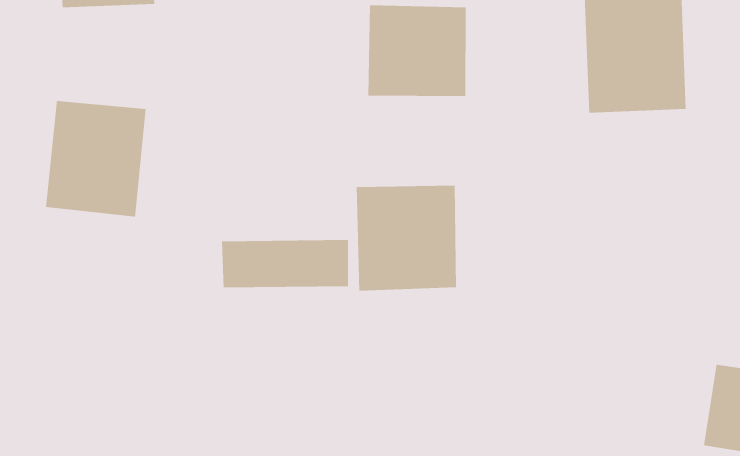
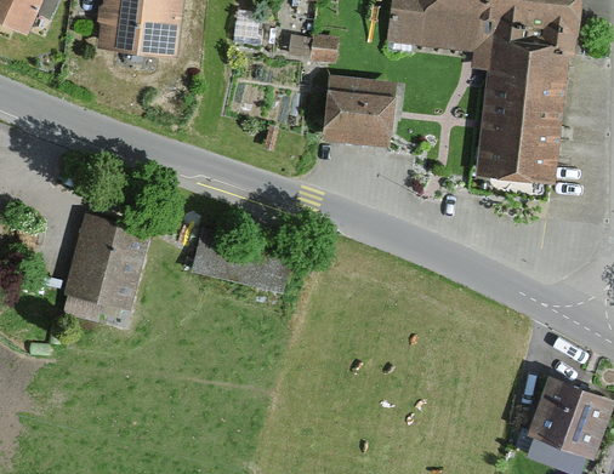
building: [45,100,146,217] -> [64,217,150,313]
building: [356,185,457,291] -> none

